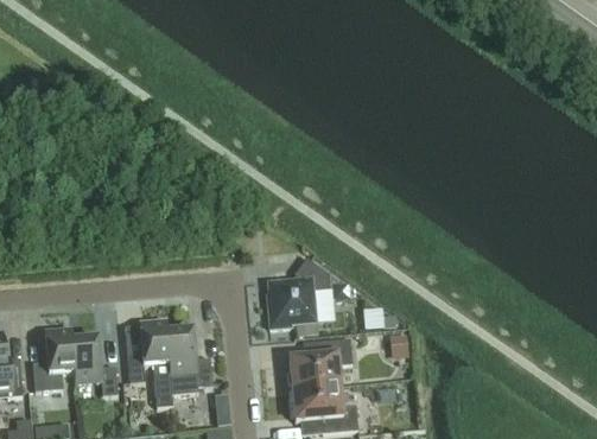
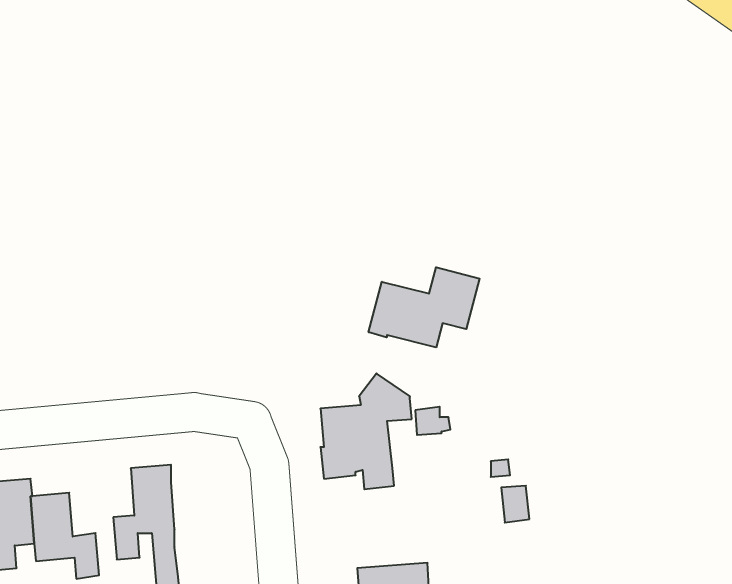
building: none -> [369,267,480,347]
building: [166,329,212,395] -> none
building: [288,338,351,389] -> none

